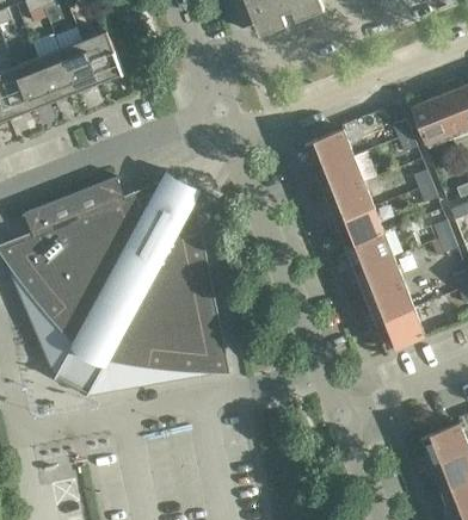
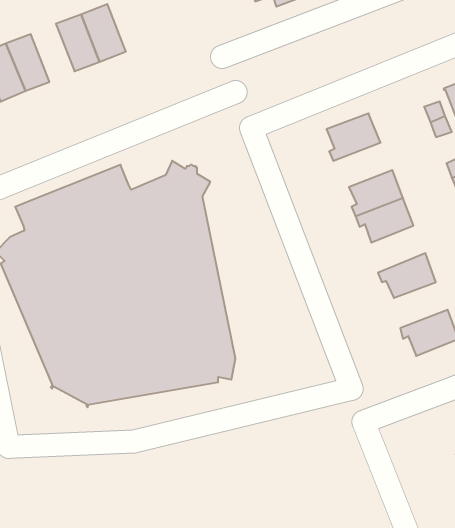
building: [36,48,75,100] -> none
building: [309,155,363,196] -> none
building: [344,230,393,273] -> none
building: [364,281,413,323] -> none

